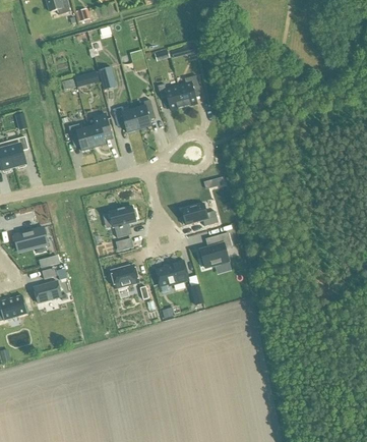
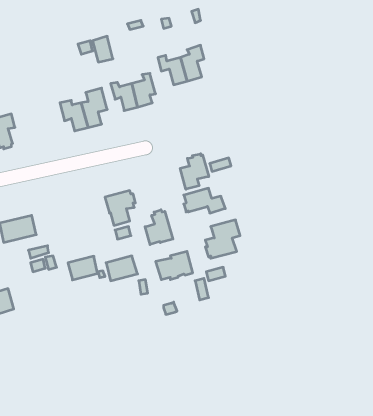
building: none -> [180,154,209,189]
building: none -> [145,210,173,245]
building: [34,280,67,301] -> [68,256,105,280]

